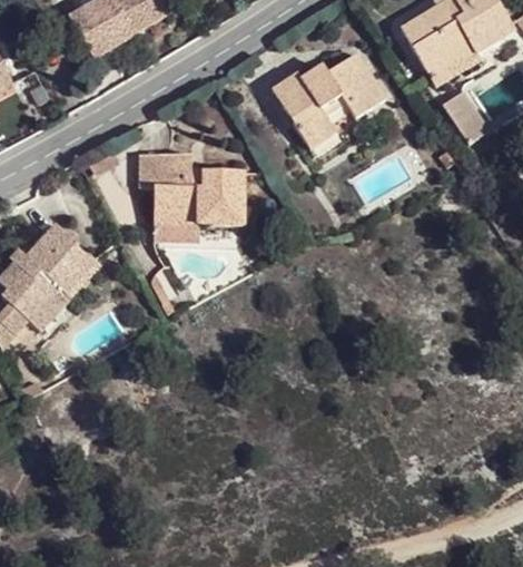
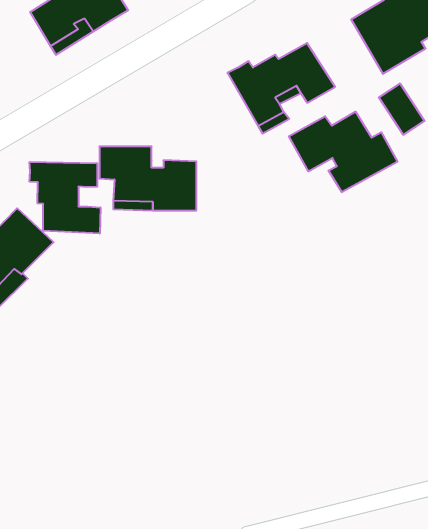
building: none -> [289,112,397,192]
building: none -> [30,162,100,234]

